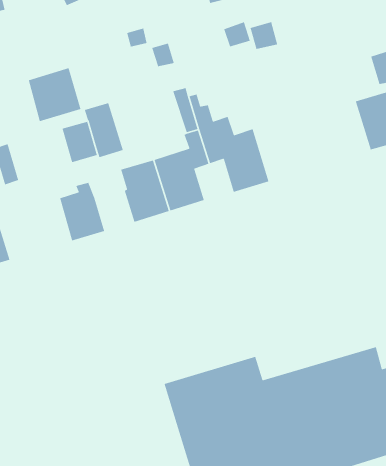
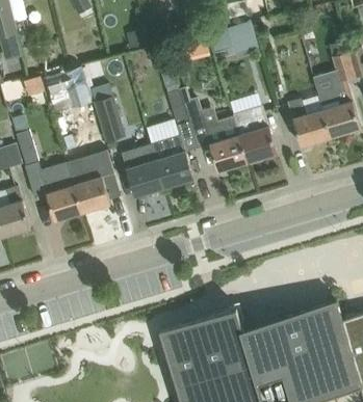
building: none -> [288,96,331,145]
building: none -> [232,103,276,162]
building: none -> [43,176,81,221]

